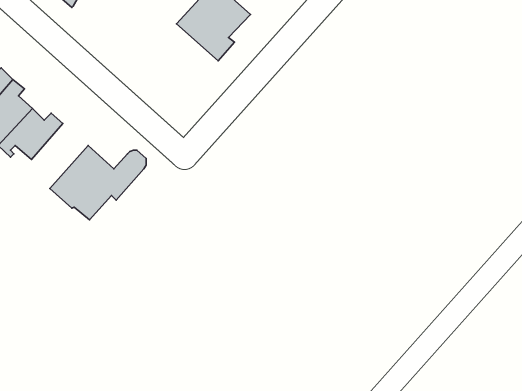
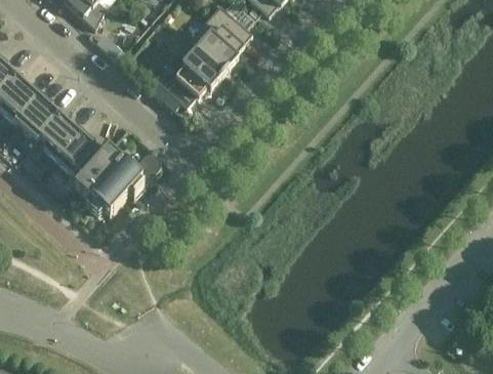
building: none -> [153,42,222,108]
building: none -> [57,130,108,189]

